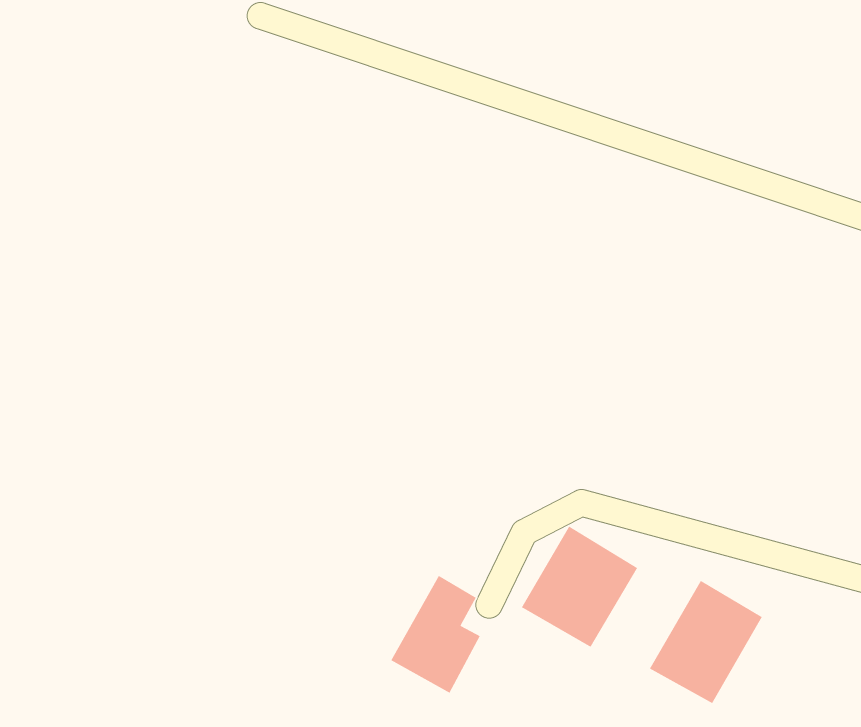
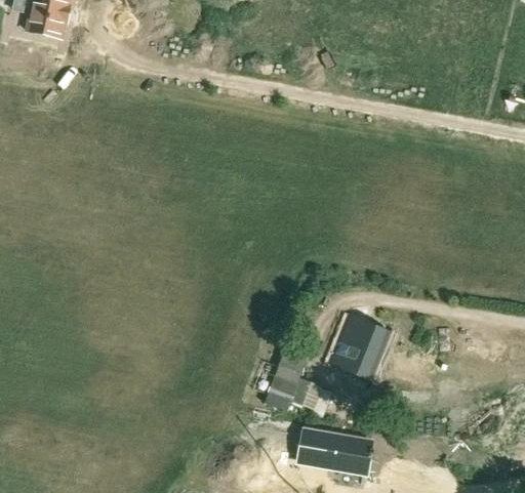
building: [649,580,763,704] -> none

